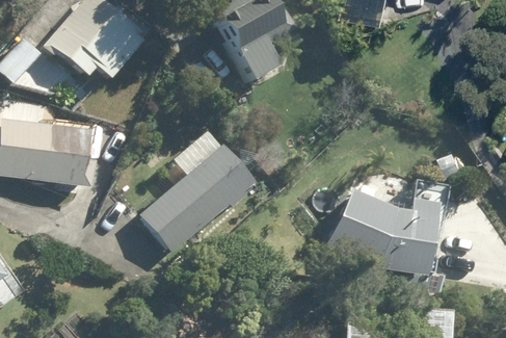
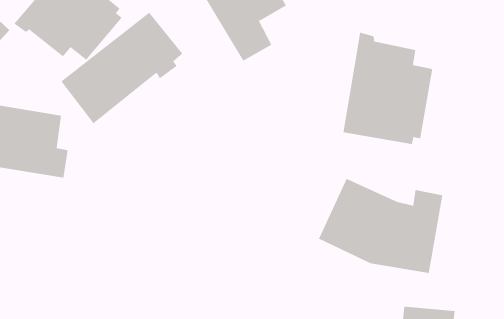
building: none -> [343,32,433,145]
building: [138,149,251,253] -> [61,12,183,124]

